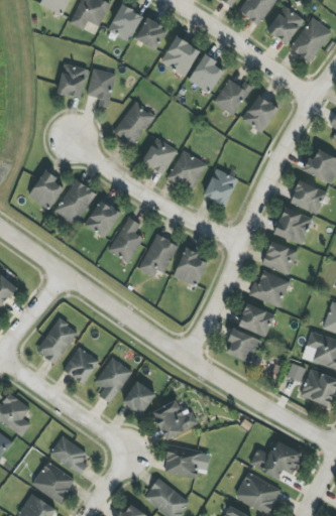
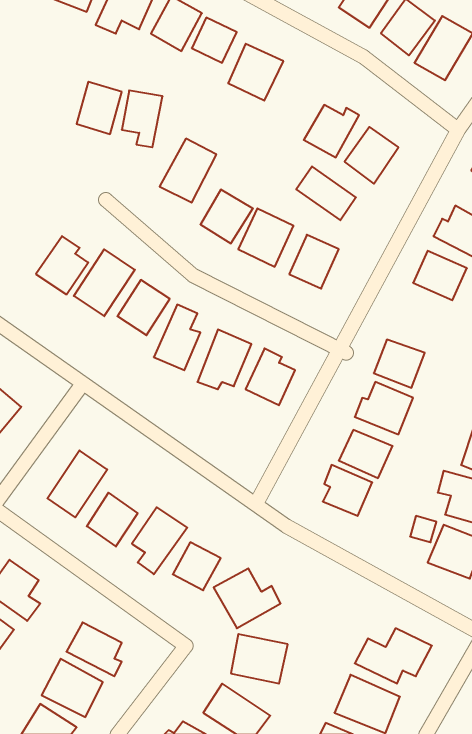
building: [188,53,223,94] -> none
building: none -> [296,166,356,220]
building: [274,208,311,243] -> none

